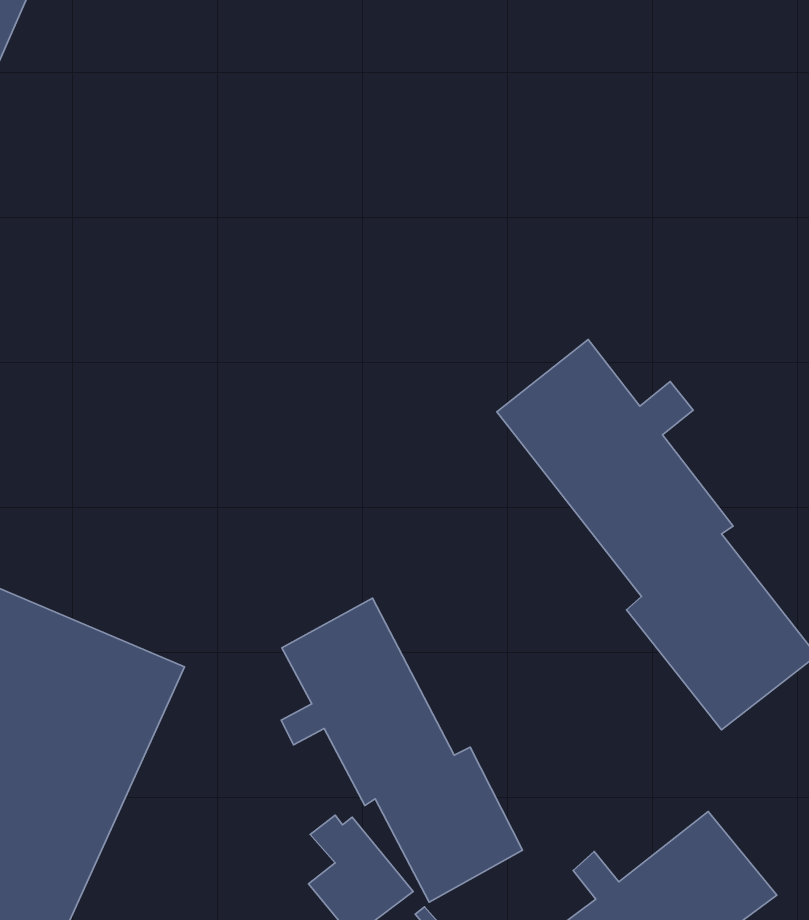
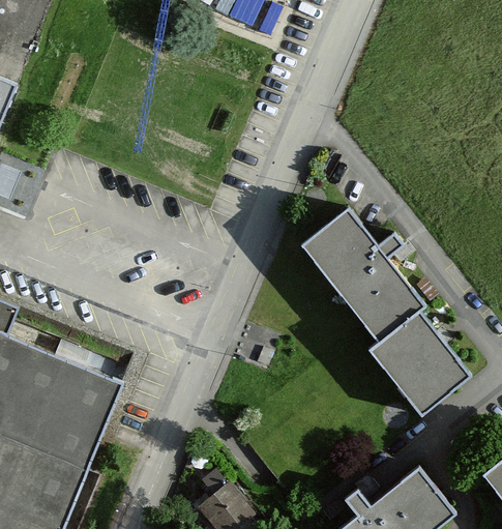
building: [281,598,523,902] -> none

